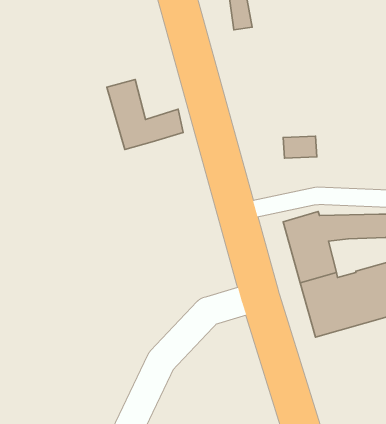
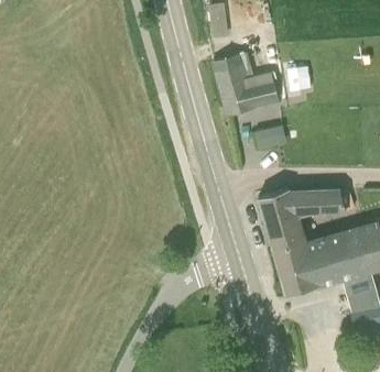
building: [107,79,183,150] -> [215,55,280,114]

